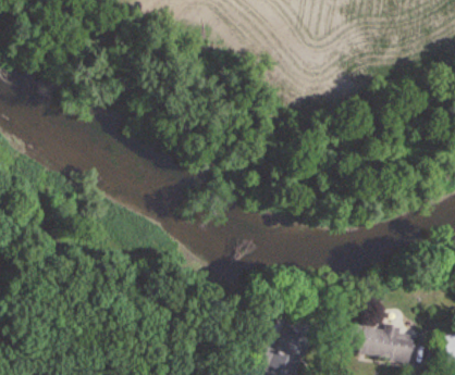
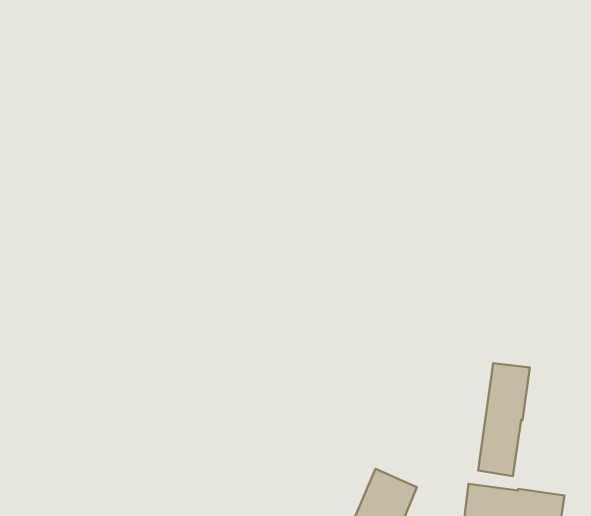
building: none -> [478,363,530,476]

